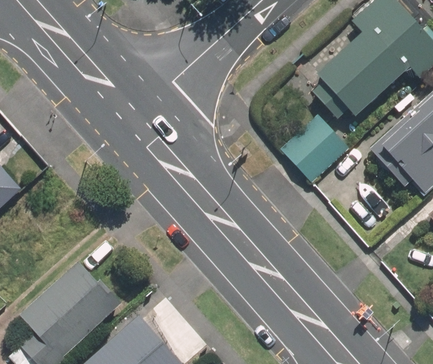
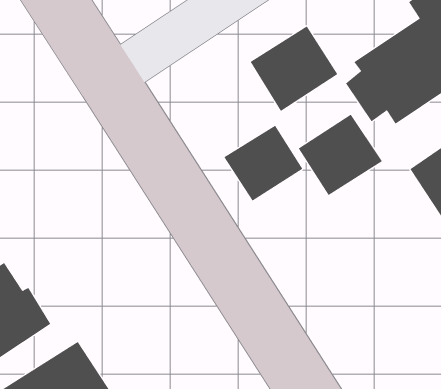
building: none -> [250,26,338,112]
building: none -> [224,125,303,201]

